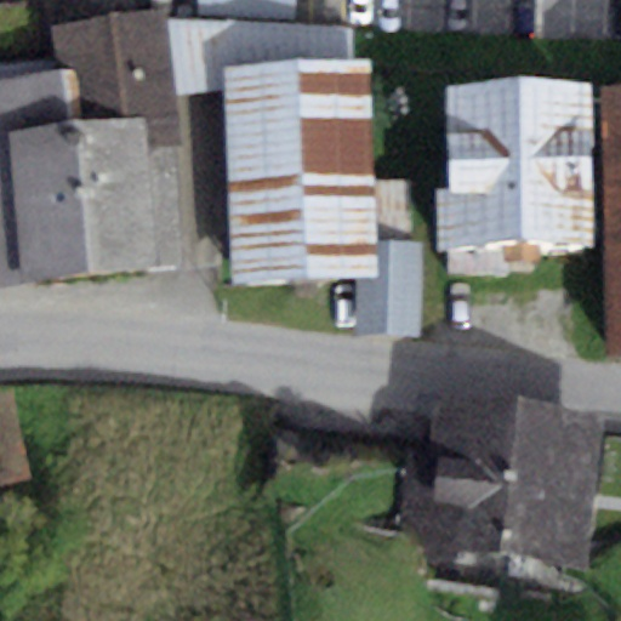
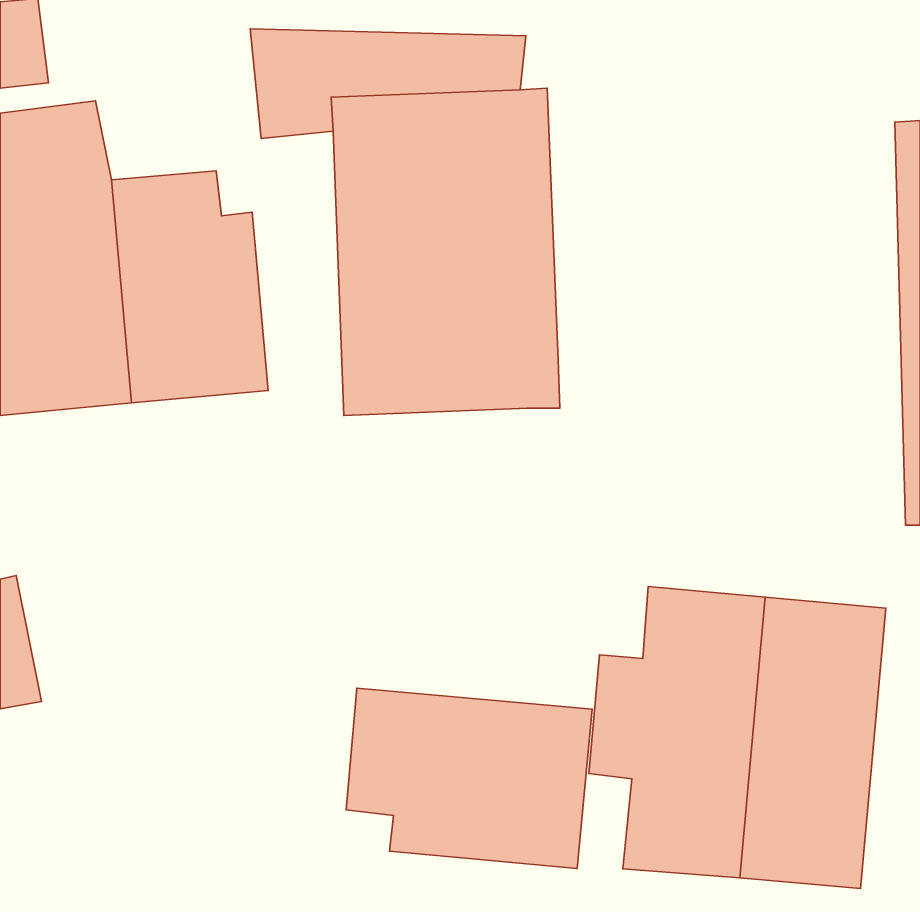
building: [56,8,181,146] -> none
building: [446,82,592,247] -> none
building: [354,243,422,334] -> none
building: none -> [346,688,592,869]

